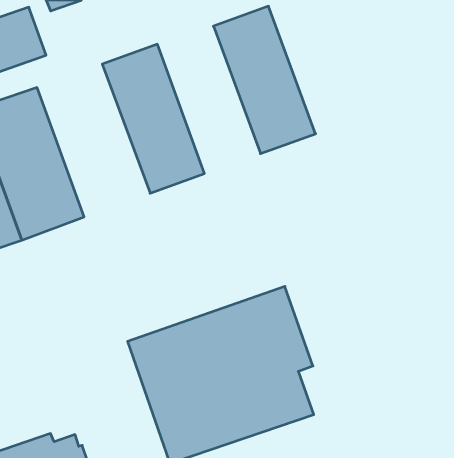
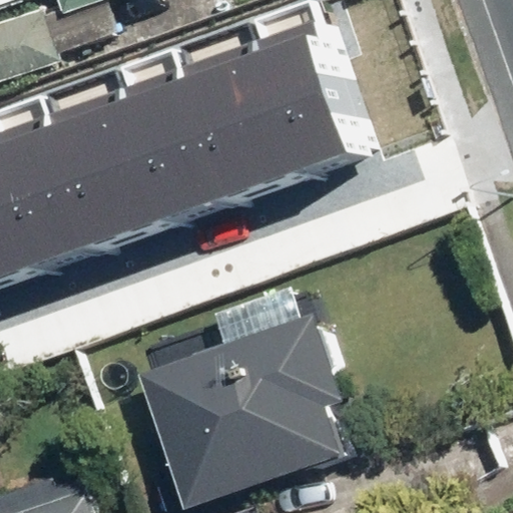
building: none -> [174,31,289,196]
building: none -> [41,75,166,244]

